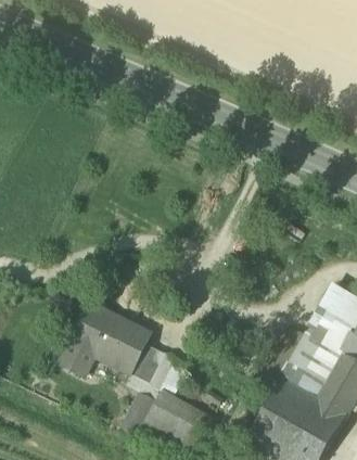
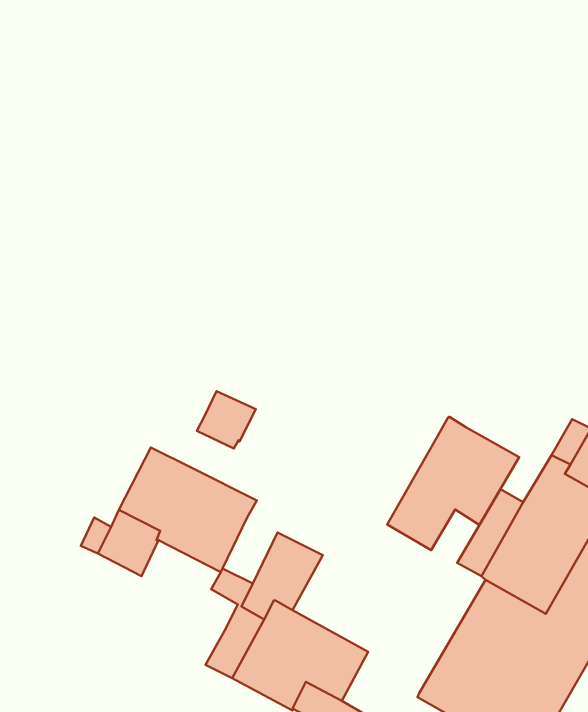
building: none -> [197,391,256,448]
building: none -> [387,417,519,550]
building: [131,342,163,380] -> none

